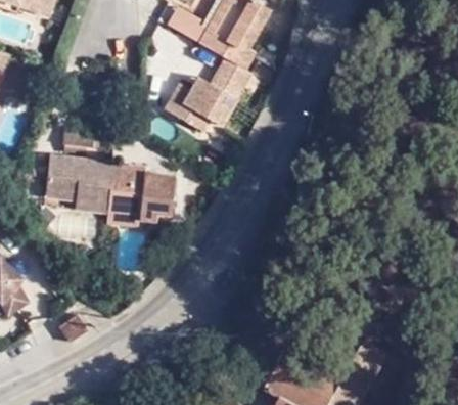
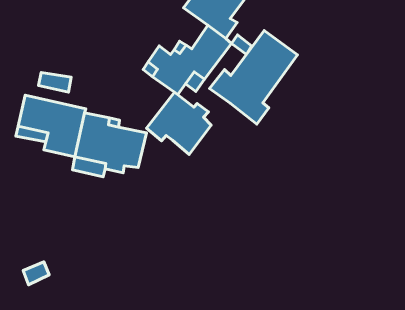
building: none -> [210,31,298,124]
building: none -> [146,92,211,154]

